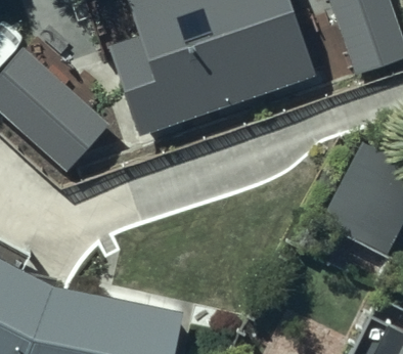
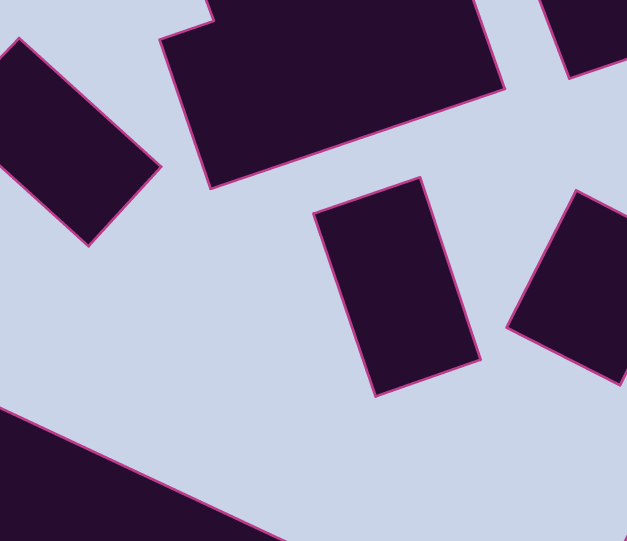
building: none -> [314,177,480,397]

